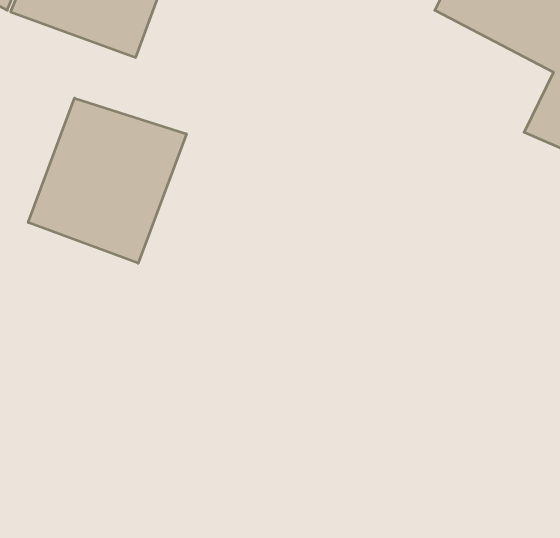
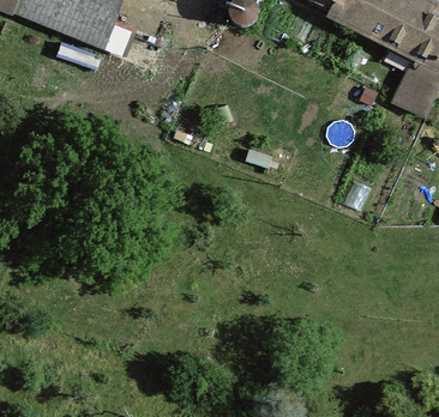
building: [28,98,186,263] -> none

